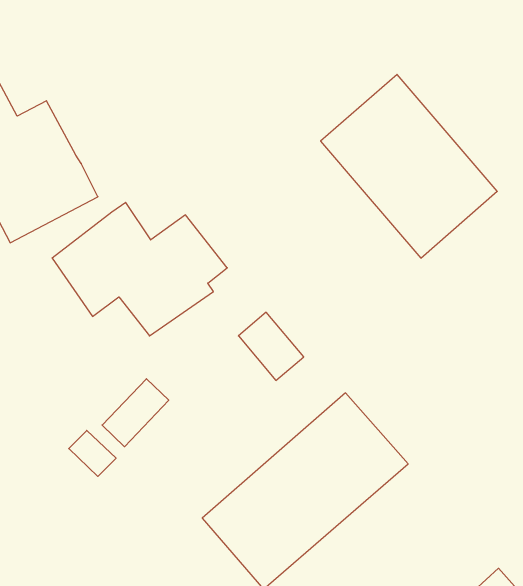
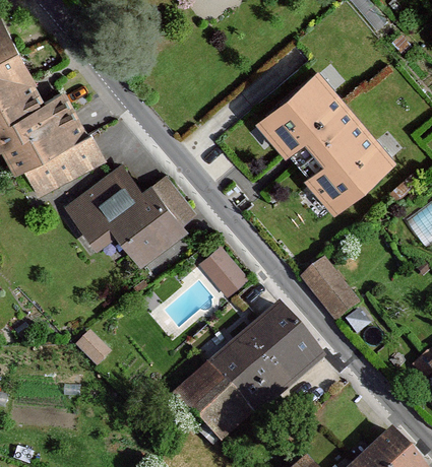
building: none -> [300,259,356,319]
building: [102,379,169,447] -> none

